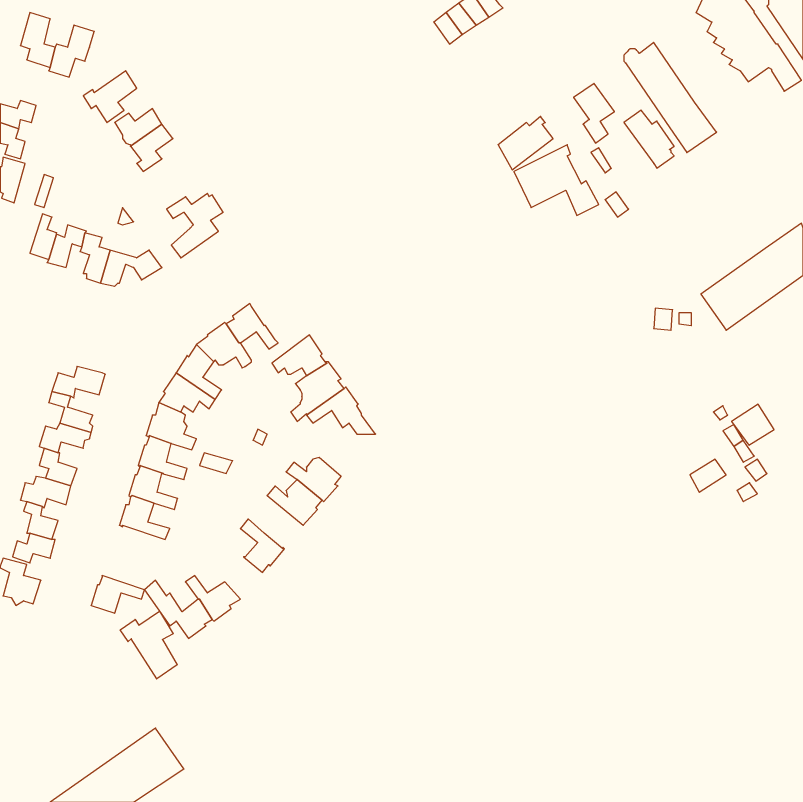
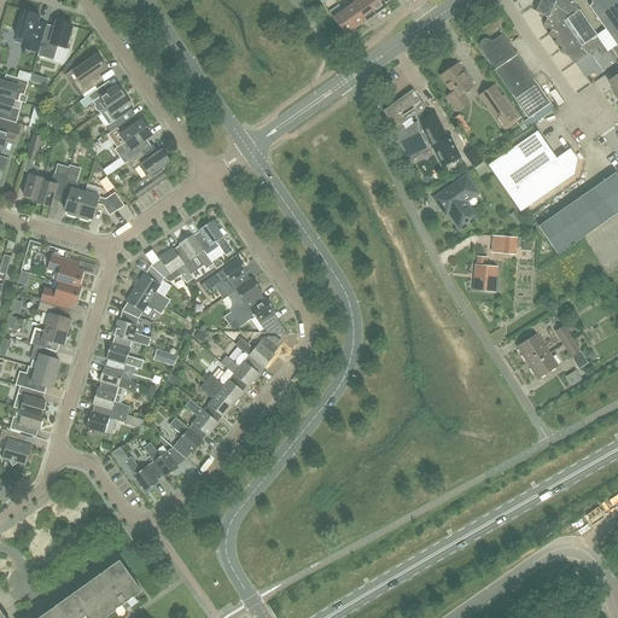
building: none -> [113,117,151,163]
building: none -> [488,130,577,211]
building: none -> [436,176,477,226]
building: none -> [193,220,233,255]
building: none -> [47,253,82,286]
building: none -> [473,256,497,291]
building: [732,404,774,445] -> [517,333,549,365]
building: none -> [235,336,278,367]
building: none -> [199,380,233,421]
building: none -> [169,416,203,460]
building: [91,576,145,613] -> [86,403,127,432]
building: [120,611,177,679] -> none

